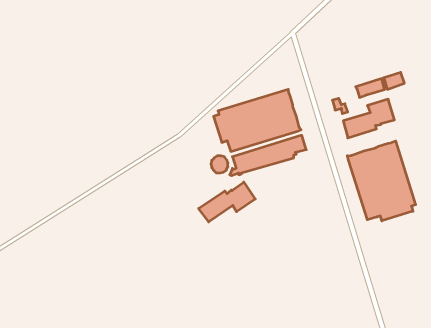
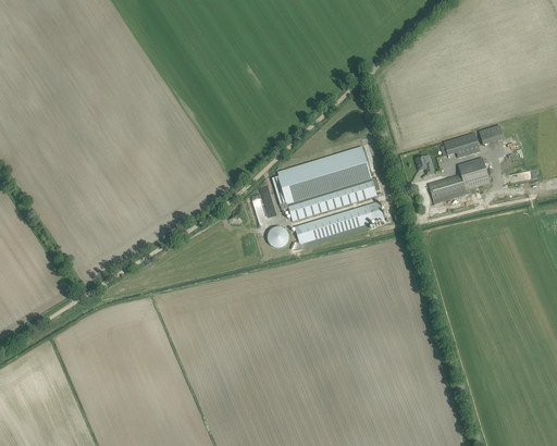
building: [347,141,416,221] -> none
building: [199,182,255,222] -> none

